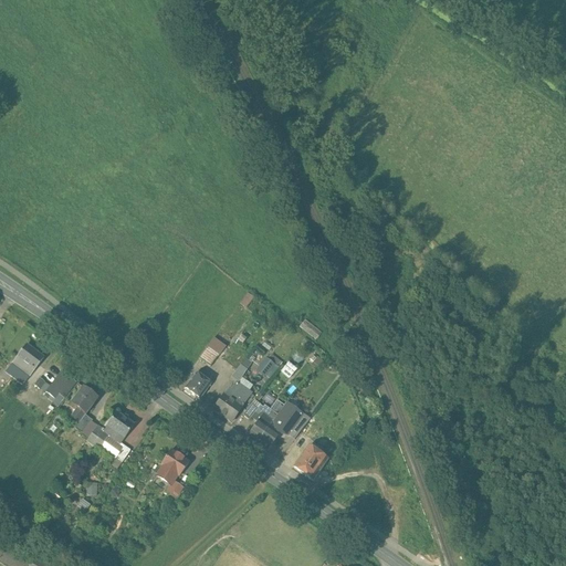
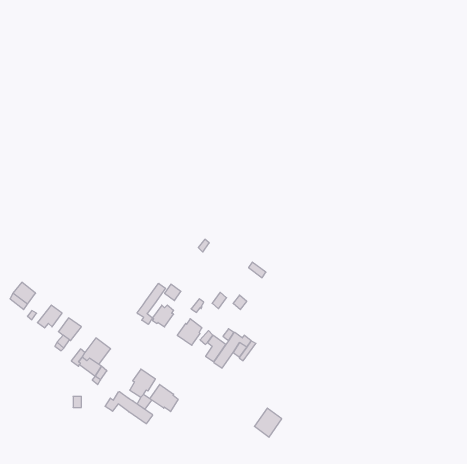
building: none -> [137,283,165,324]
building: [295,441,328,476] -> [254,408,282,437]
building: none -> [150,384,178,412]
building: none -> [105,392,152,424]

